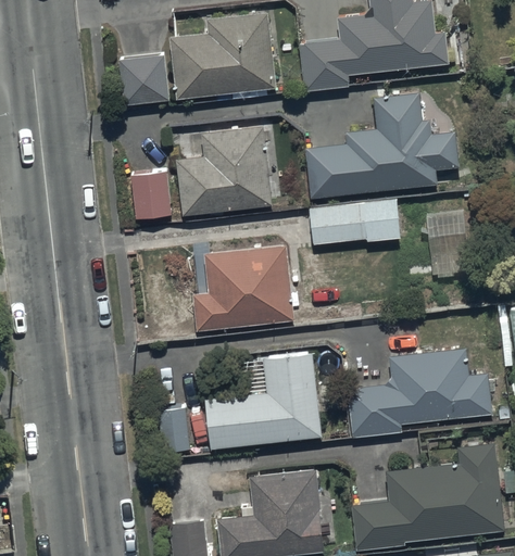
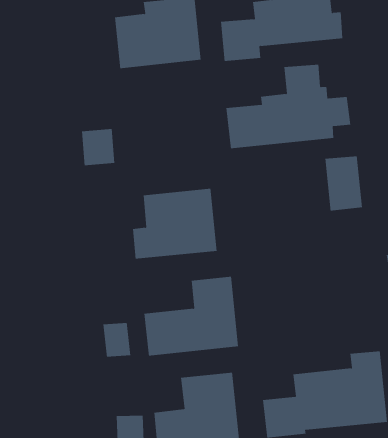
building: [121,55,169,104] -> none
building: [176,126,273,217] -> none
building: [310,200,400,244] -> none
building: [348,348,494,439] -> none

